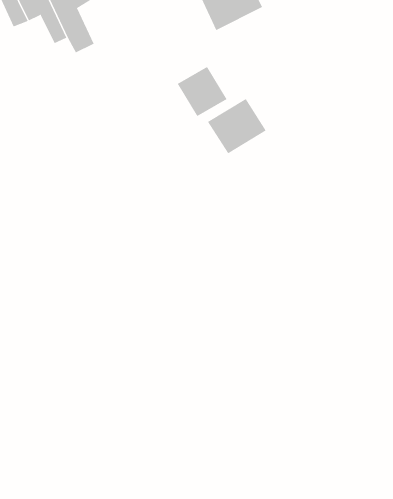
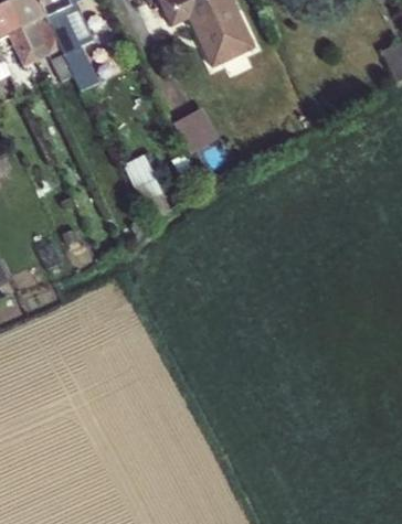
building: [207,98,267,154] -> none
building: none -> [126,151,165,199]

